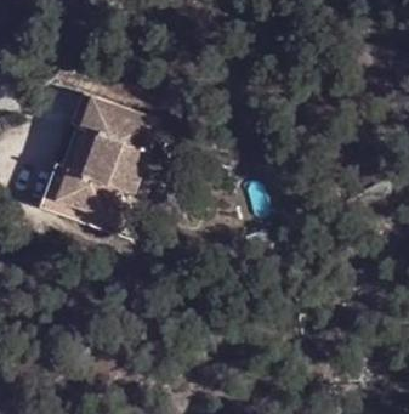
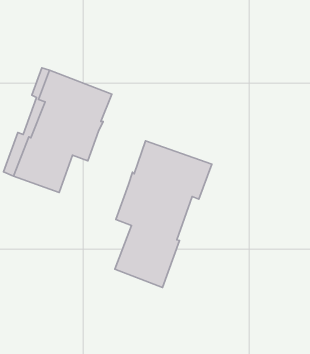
building: none -> [115,141,212,288]

